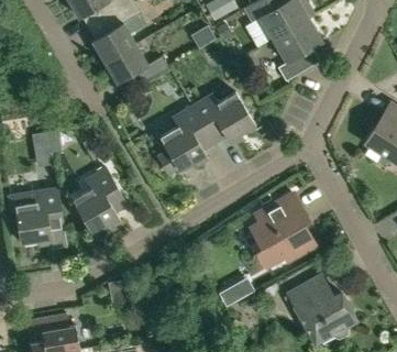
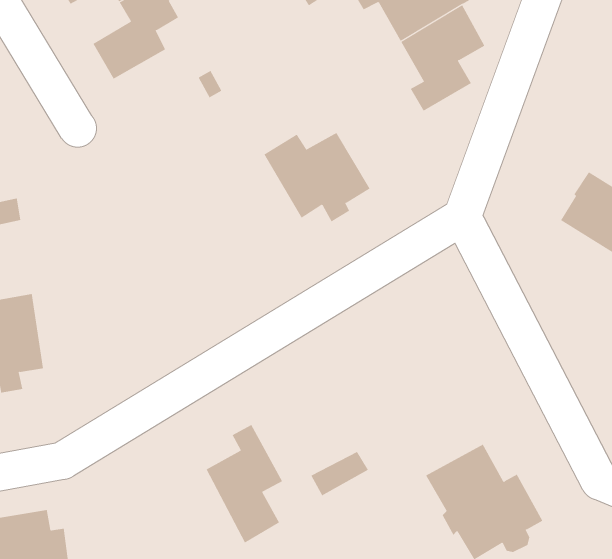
building: [104,45,147,84] -> none
building: [157,107,214,176] -> none
building: [73,168,128,233] -> none
building: [251,195,315,265] -> none
building: none -> [206,424,283,543]

